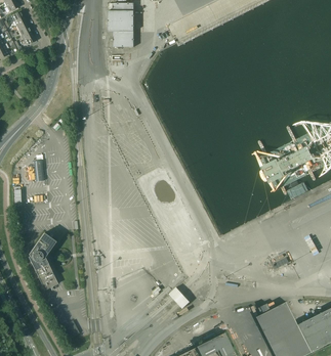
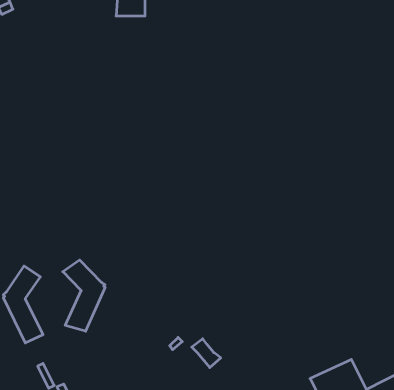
building: none -> [63,260,105,331]

